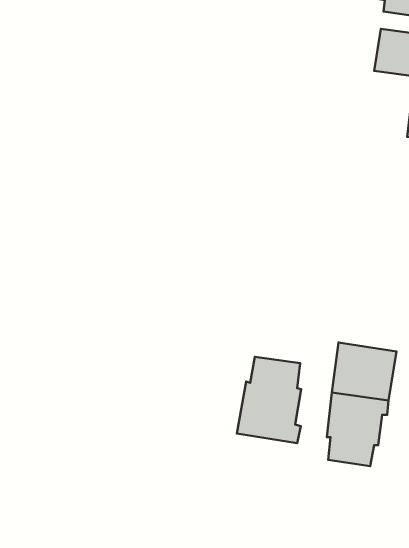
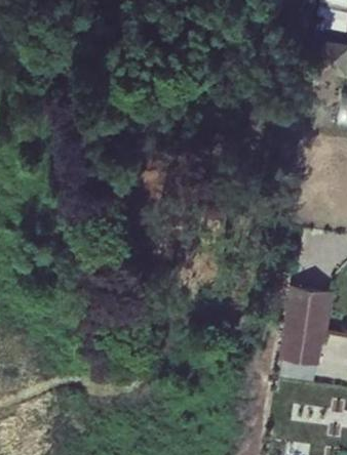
building: [237,357,301,443] -> none

